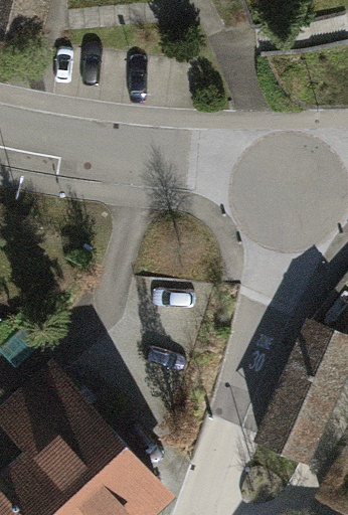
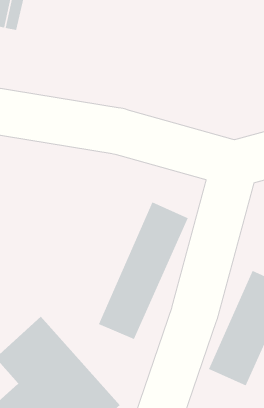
building: none -> [98,202,188,340]

